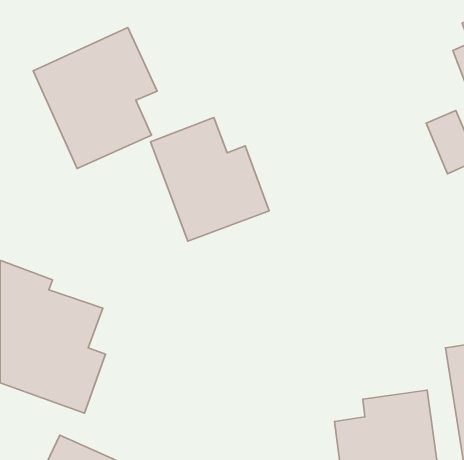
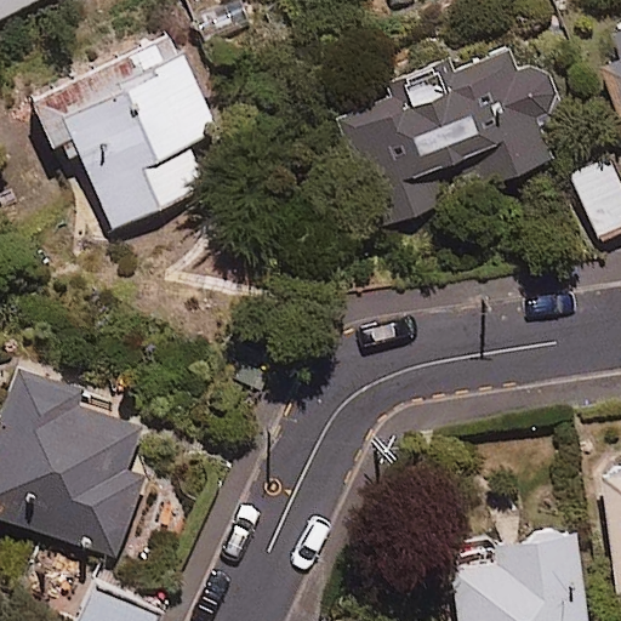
building: none -> [347,45,560,224]
building: [150,117,269,241] -> none

